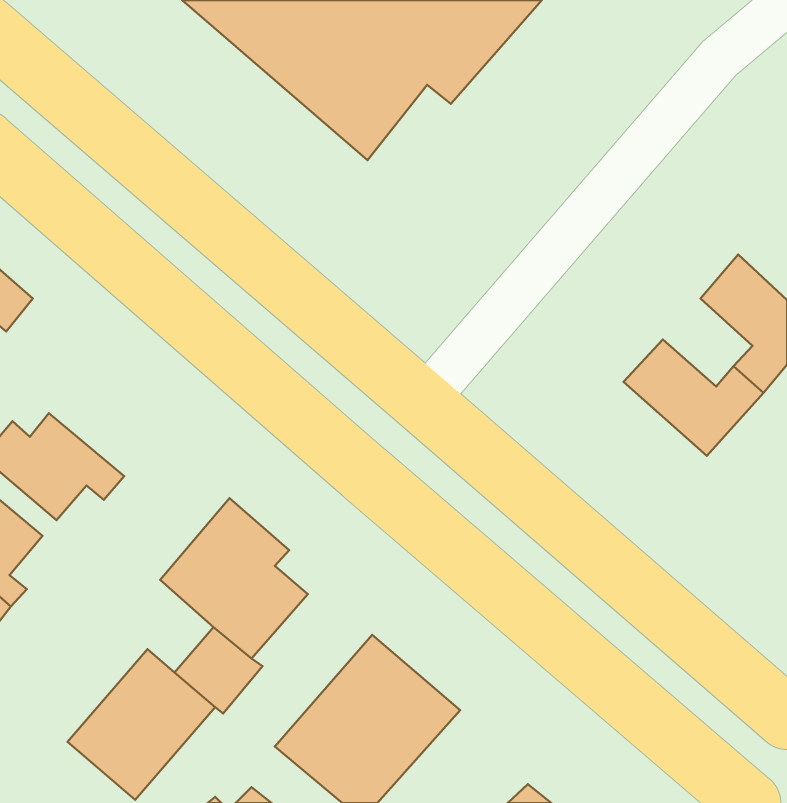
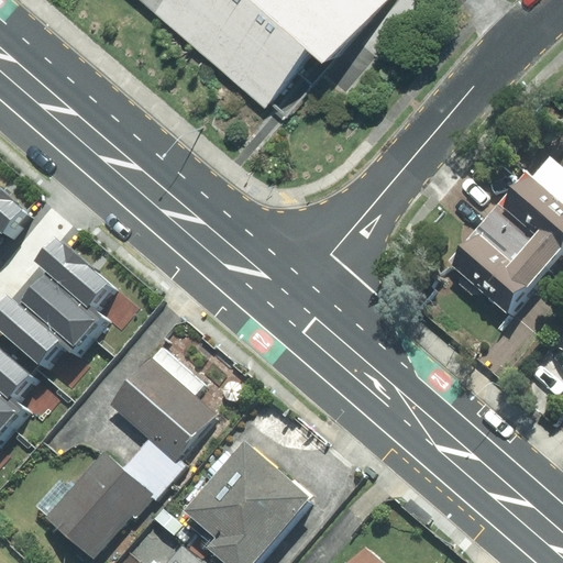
building: none -> [464,209,527,271]
building: none -> [34,240,109,333]

